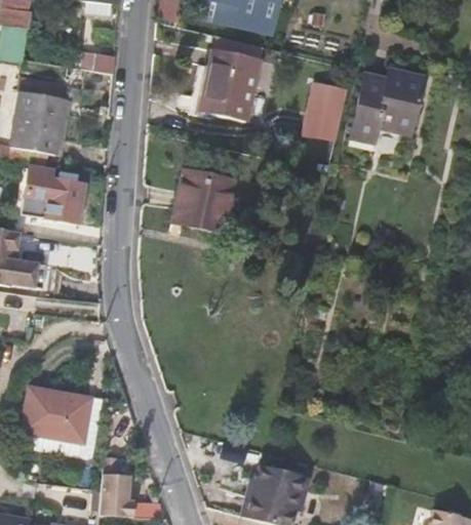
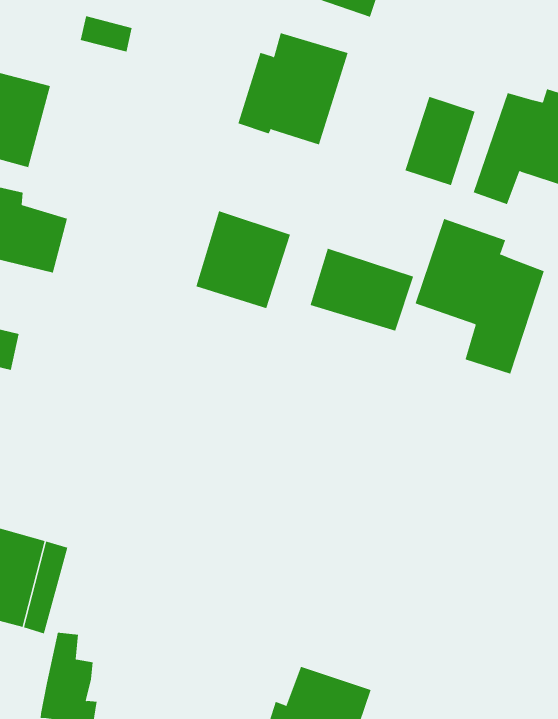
building: none -> [415,218,544,374]
building: none -> [310,248,414,332]

